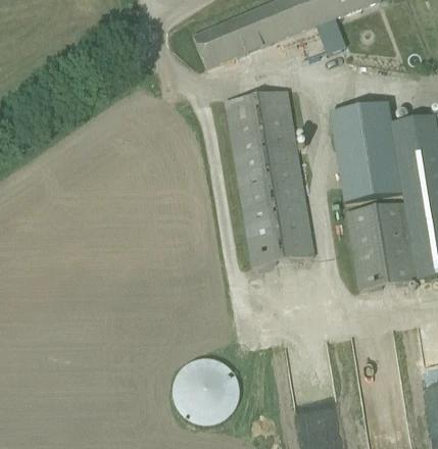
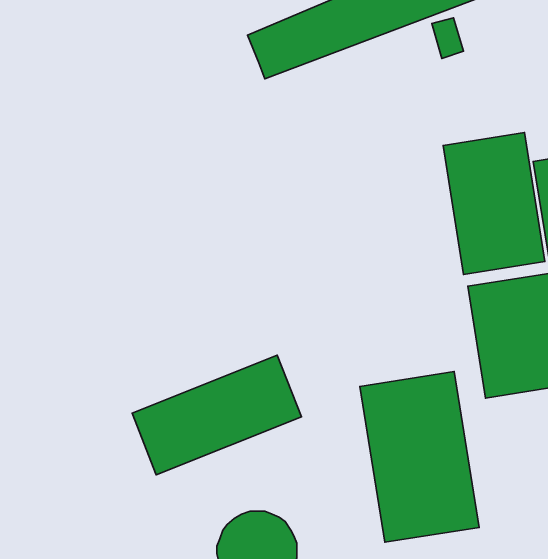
building: [227,90,313,264] -> none
building: none -> [132,355,301,475]
building: none -> [360,372,479,542]

